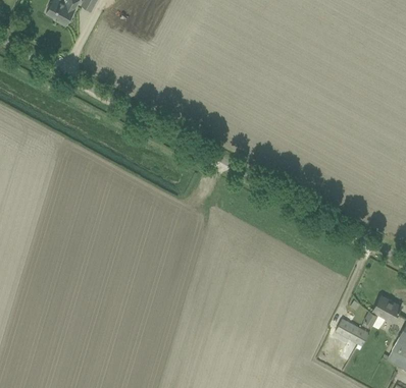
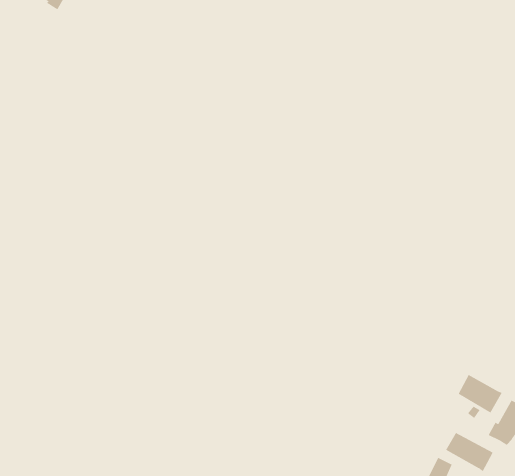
building: none -> [458,374,502,413]

